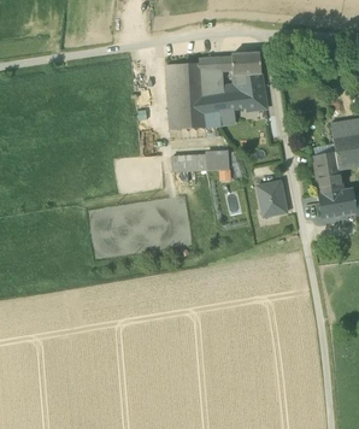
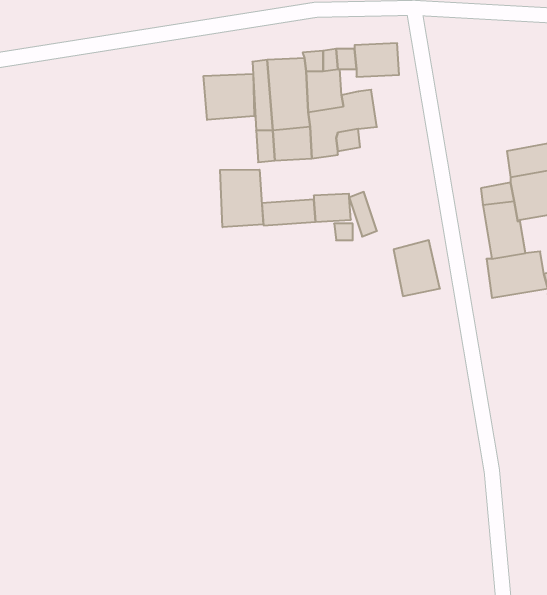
building: none -> [204,74,254,120]
building: [234,74,266,110] -> none
building: none -> [220,170,263,227]

